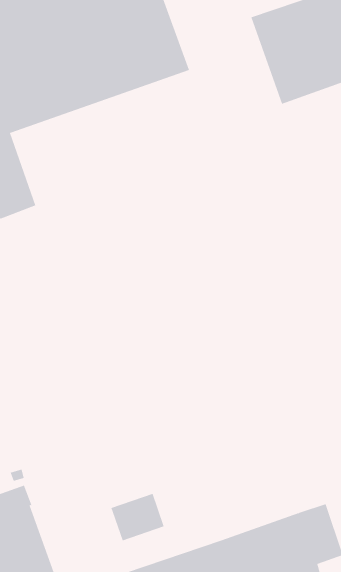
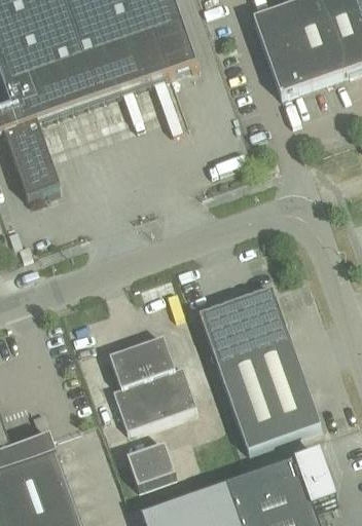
building: none -> [198,287,321,450]
building: none -> [108,336,195,428]

